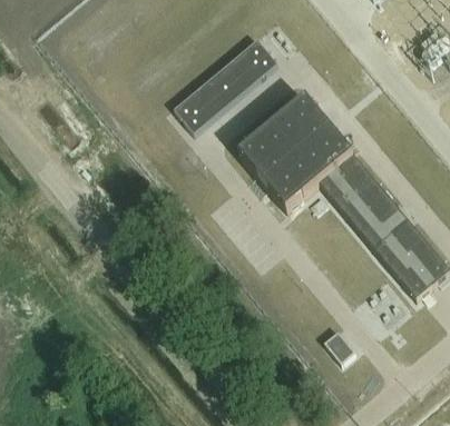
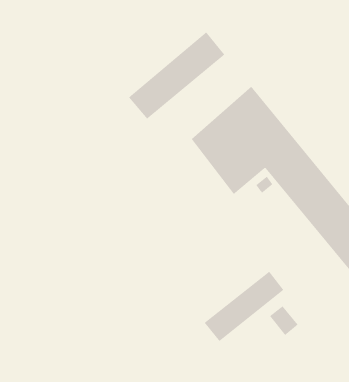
building: none -> [204,271,284,342]

